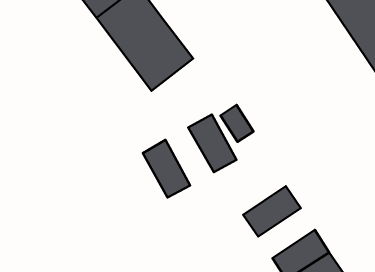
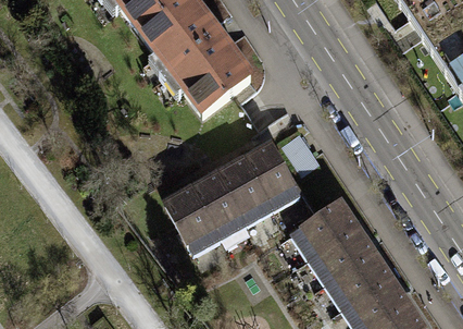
building: none -> [220,156,275,222]
building: none -> [166,185,222,251]
building: none -> [292,198,358,256]
building: none -> [326,248,391,306]

